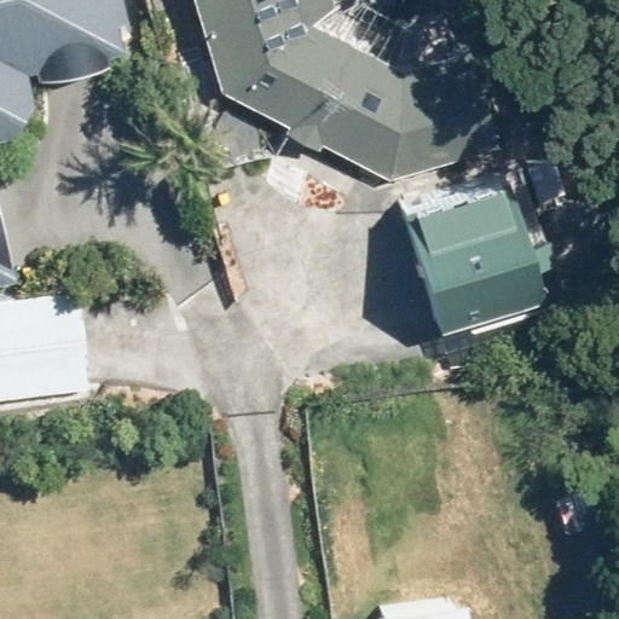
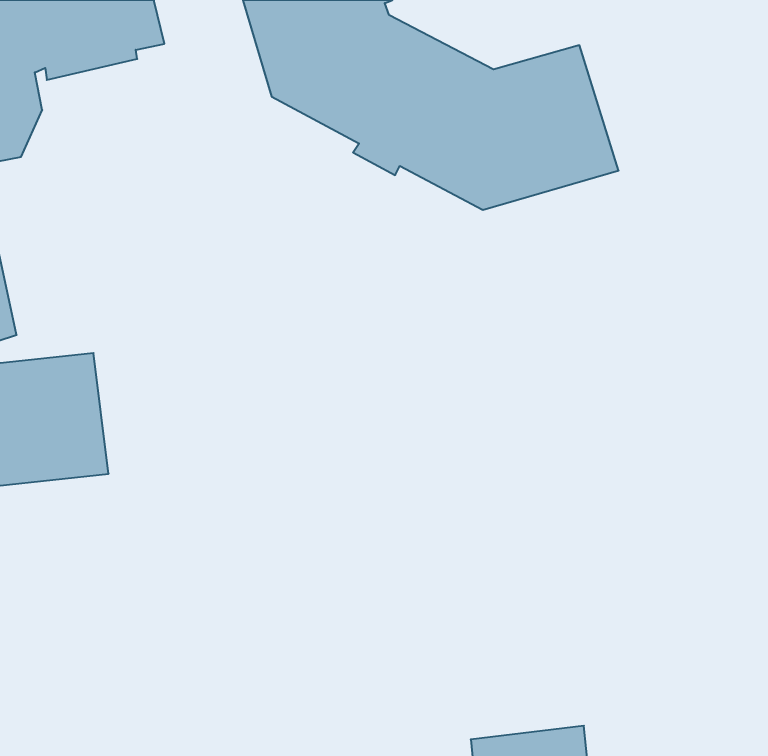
building: [412,178,540,303] -> none

